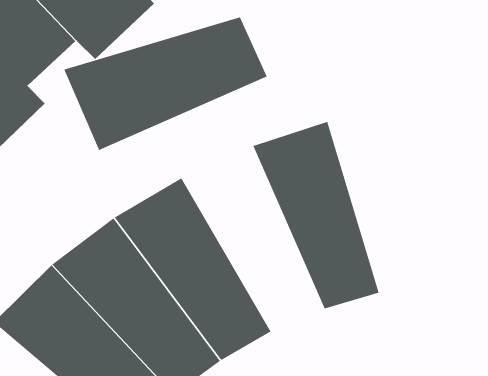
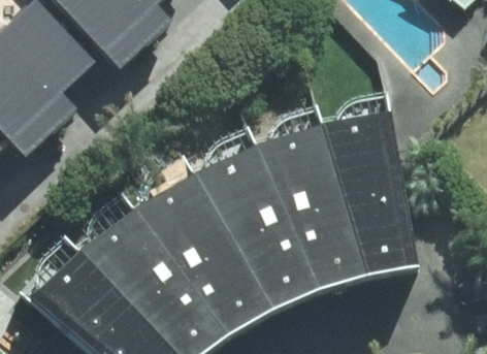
building: [63,17,267,151] -> none
building: none -> [322,112,417,275]
building: none -> [194,146,319,309]

